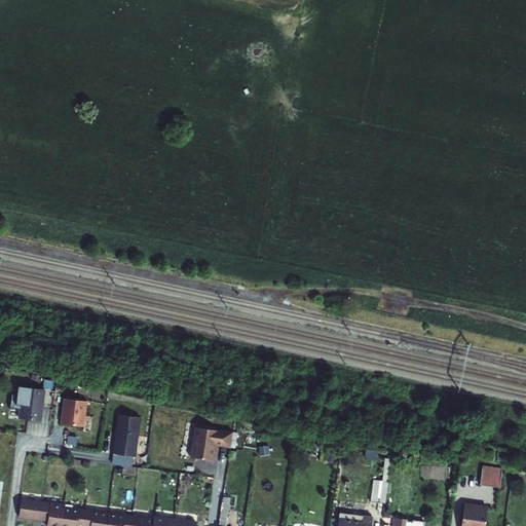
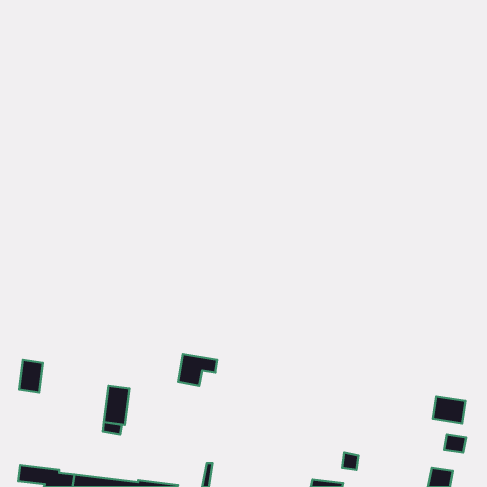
building: [63,399,88,427] -> none
building: none -> [433,396,465,423]
building: [191,427,233,461] -> [178,354,217,386]

